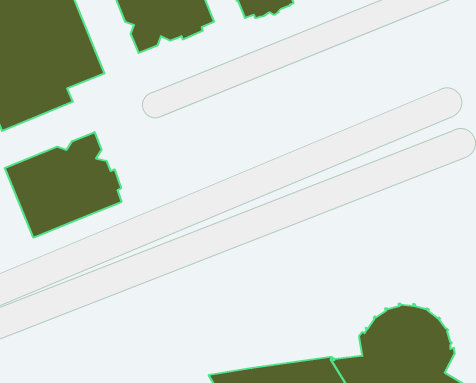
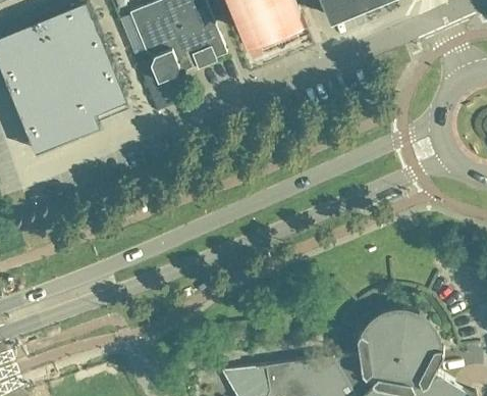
building: [5,132,121,238] -> none

